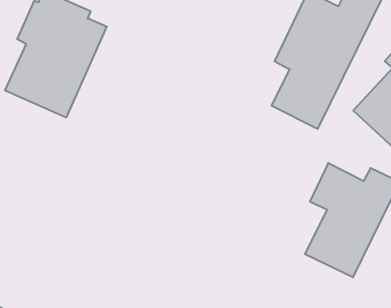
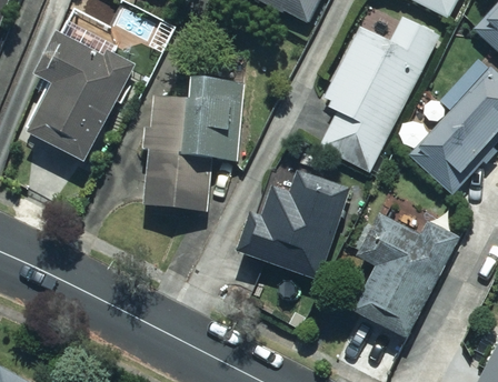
building: none -> [142,76,245,211]
building: none -> [239,168,349,281]

